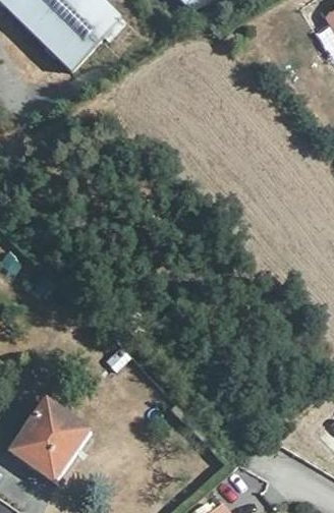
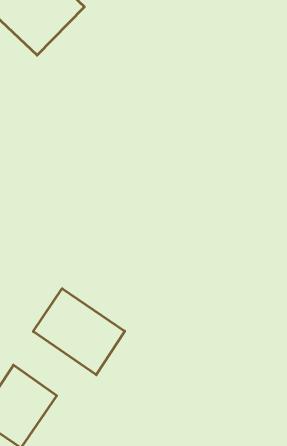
building: none -> [33,289,125,375]

